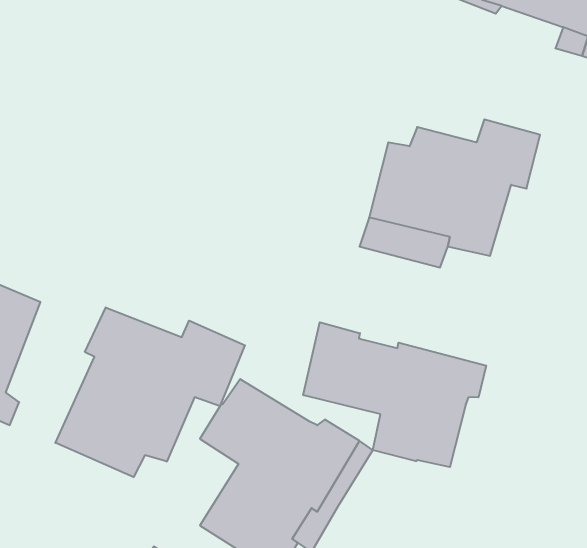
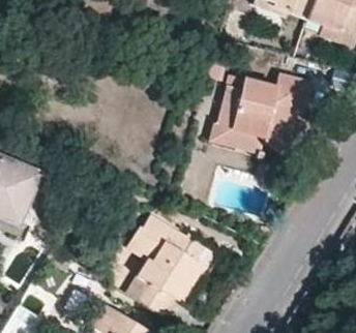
building: [55,307,245,477] -> none
building: [303,322,486,467] -> none

